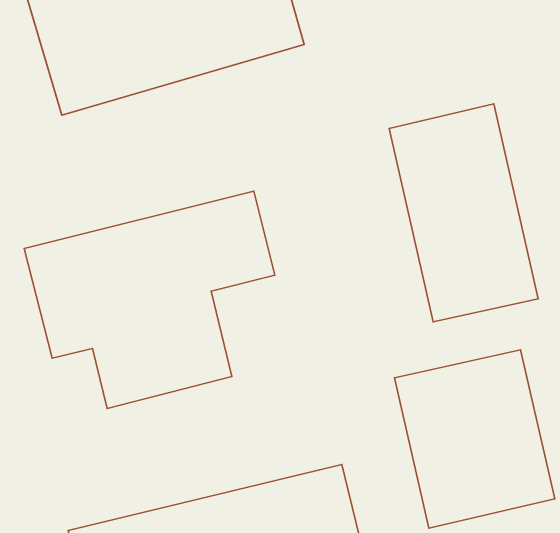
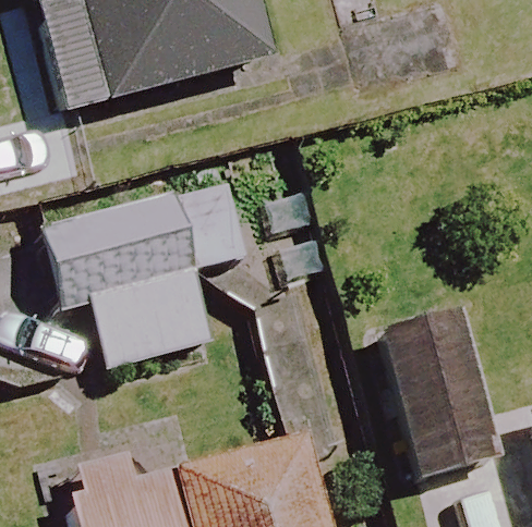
building: [389,104,538,322] -> none

